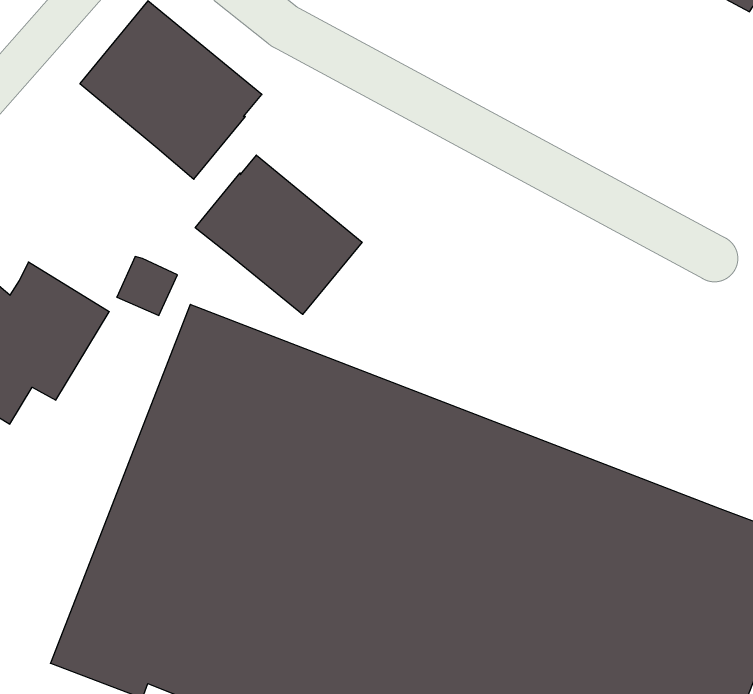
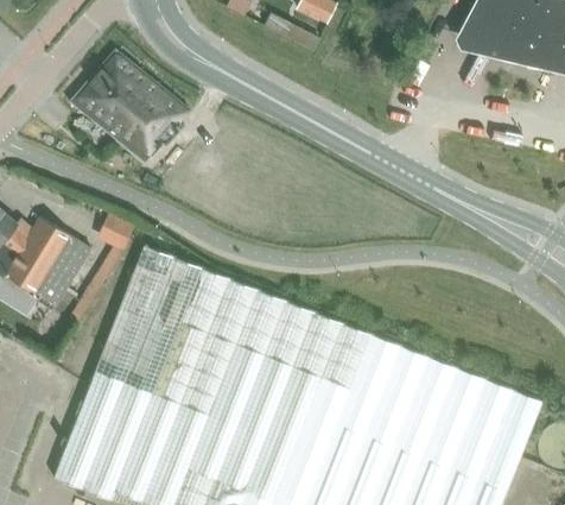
building: [195,155,362,314] -> none

